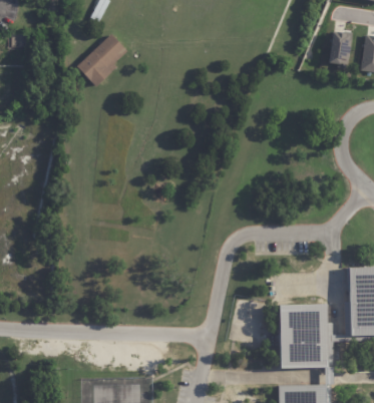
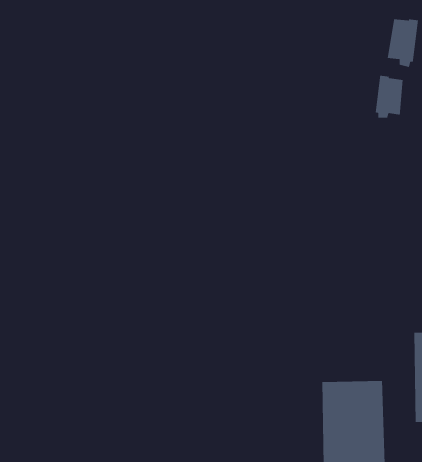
building: [78,34,129,87] -> none
building: none -> [375,75,403,118]

